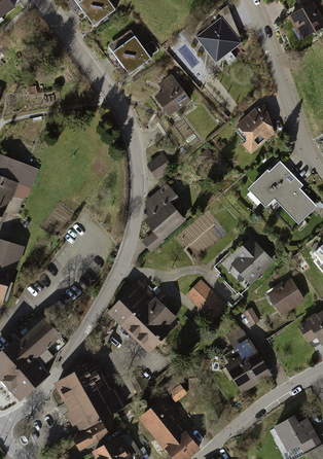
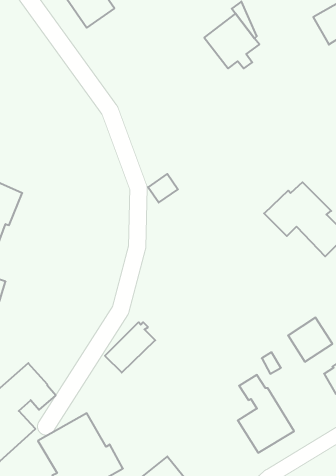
building: [107,32,151,77] -> none
building: [153,73,190,116] -> none
building: [236,104,275,153] -> none
building: [142,183,186,251] -> none
building: [229,237,274,284] -> none
building: [185,279,227,321] -> none
building: [123,296,175,350] -> none

